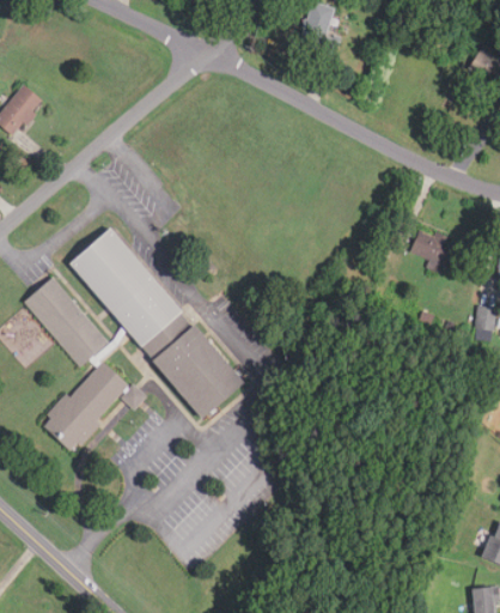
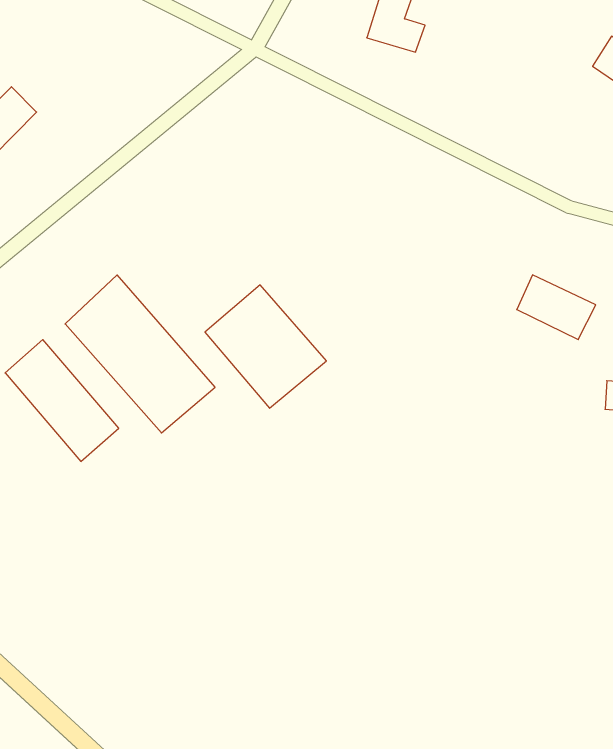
building: [151,323,243,417] -> [205,285,326,408]
building: [42,362,129,451] -> none

